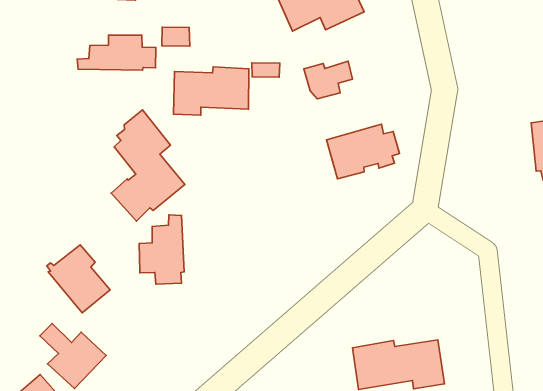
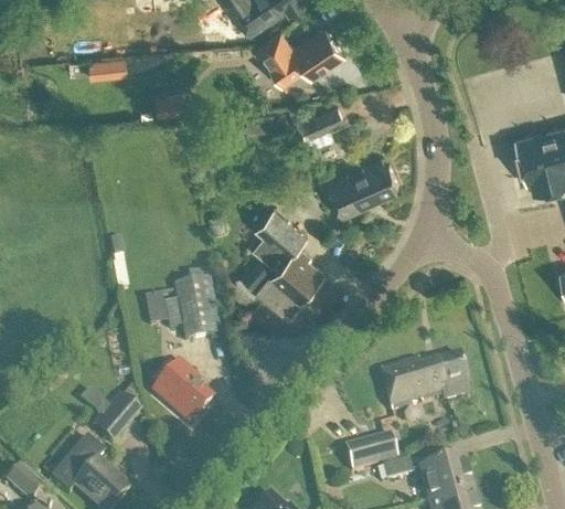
building: [77,35,156,70] -> none
building: [173,67,249,115] -> none
building: [111,110,185,221] -> [253,203,324,309]
building: [47,245,110,313] -> [152,358,215,422]

